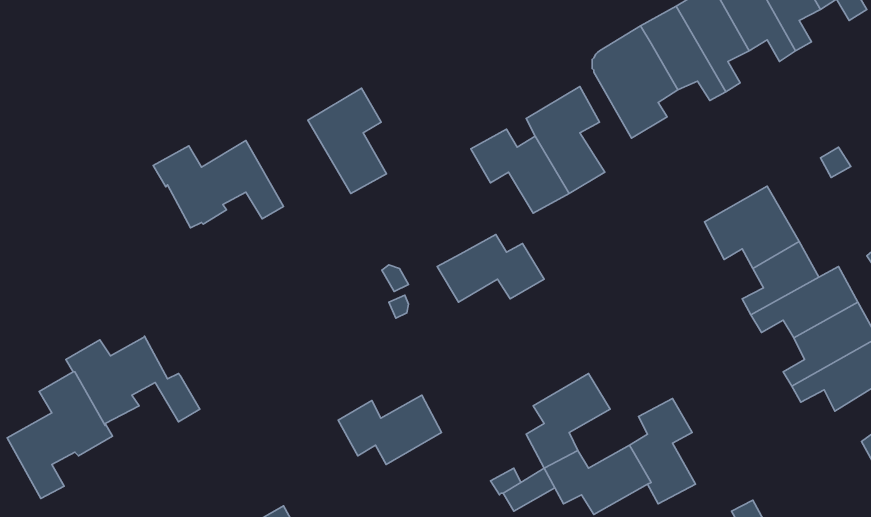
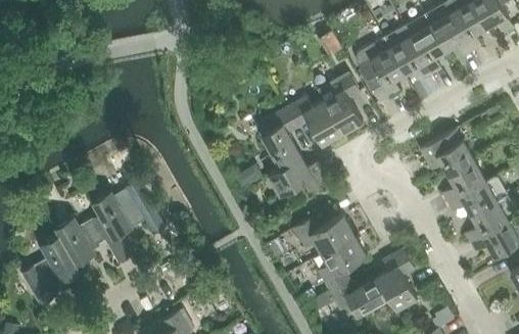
building: [308,88,386,193] -> [255,106,300,166]
building: [153,140,283,228] -> [91,188,166,238]
building: [338,395,442,465] -> [294,213,353,253]

